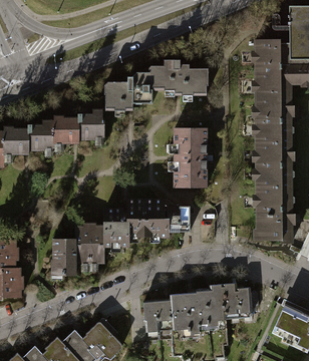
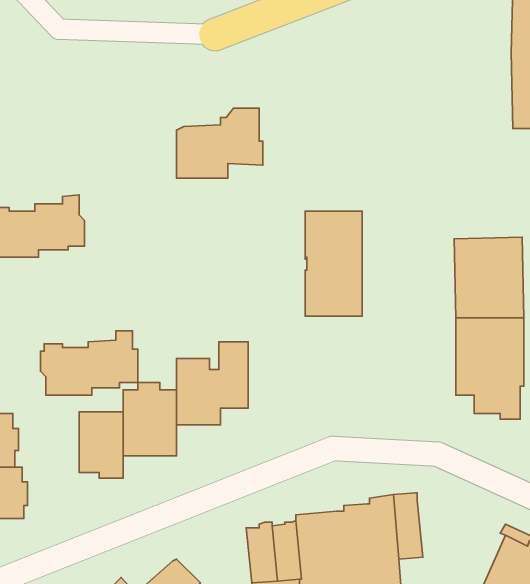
building: [254,41,293,144] -> none
building: [149,61,208,95] -> none
building: [51,109,104,144] -> [40,331,138,395]
building: [143,201,189,237] -> none
building: [236,286,258,318] -> none

